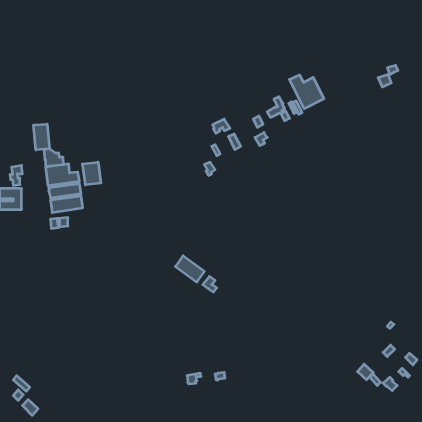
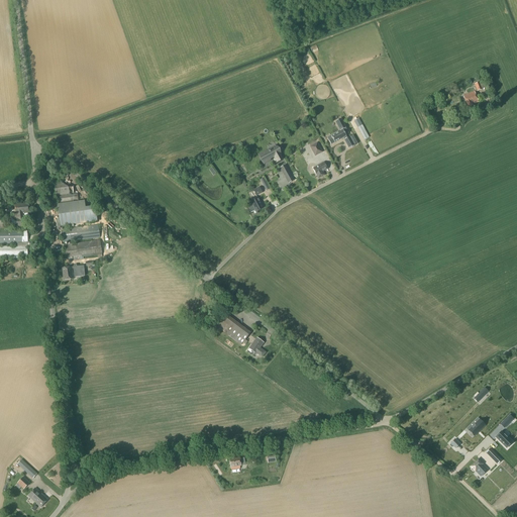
building: [289,75,324,109] -> none
building: [34,124,49,150] -> none
building: [82,162,101,185] -> none

